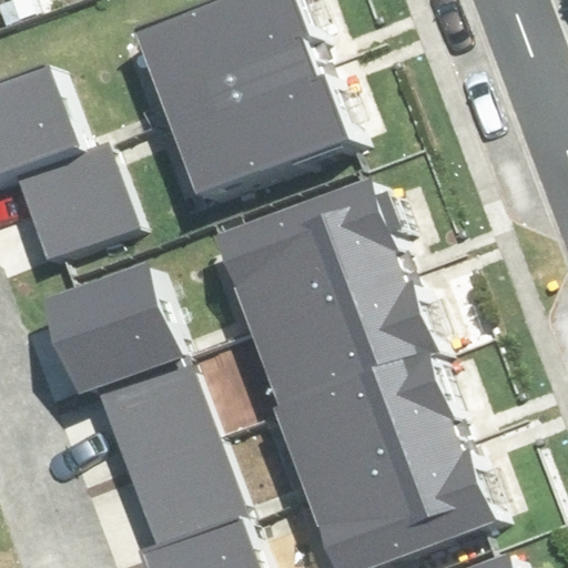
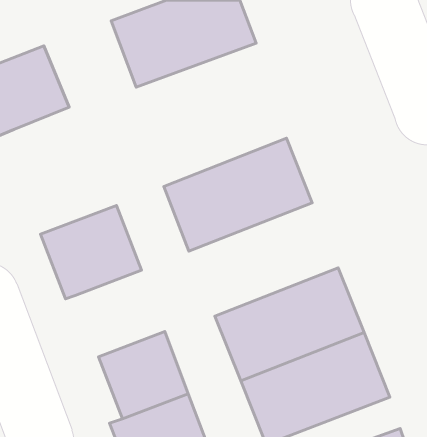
building: [175,61,362,203] -> none
building: [18,134,144,255] -> none
building: [243,266,435,412] -> none
building: [97,353,212,464] -> none

